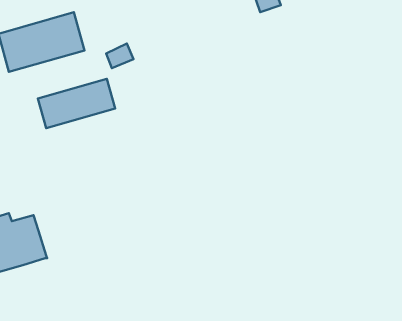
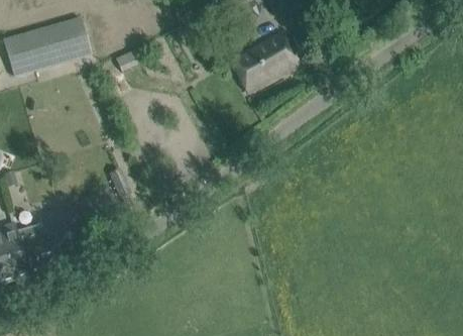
building: none -> [231,30,302,92]
building: [38,79,115,128] -> none

